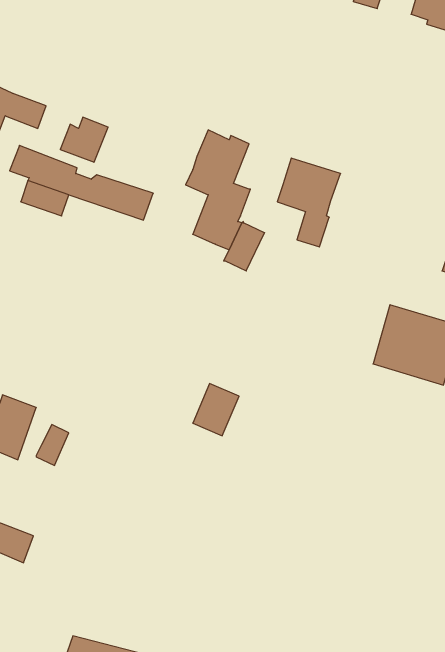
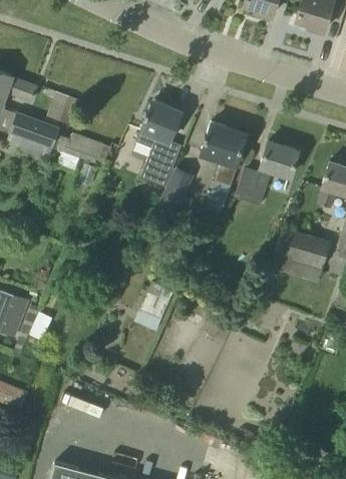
building: none -> [237,141,299,204]

